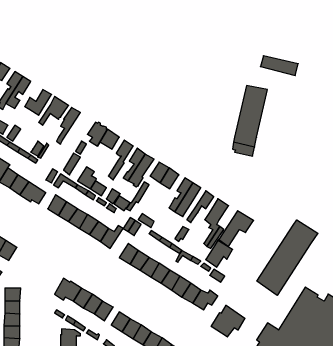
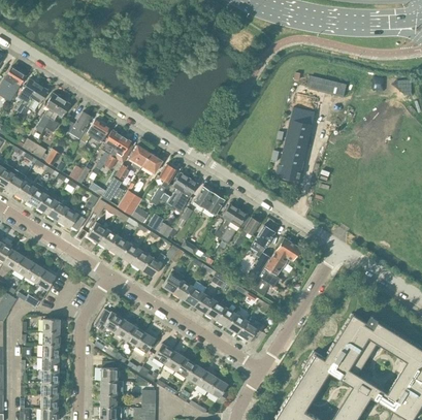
building: none -> [103,135,132,169]
building: [257,220,318,295] -> none
building: [211,305,245,337] -> none

